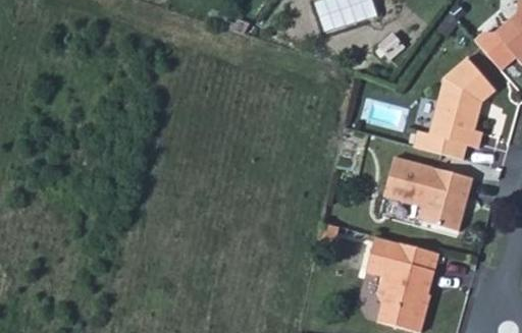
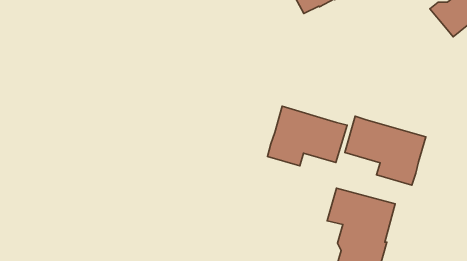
building: [412,57,493,159] -> none
building: none -> [268,106,347,166]

